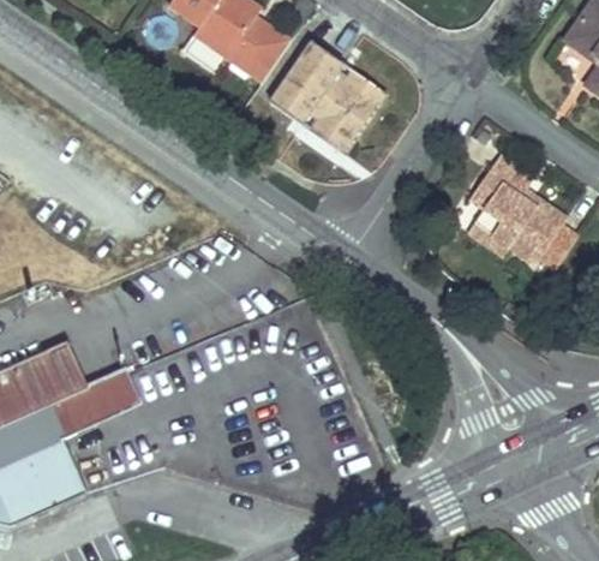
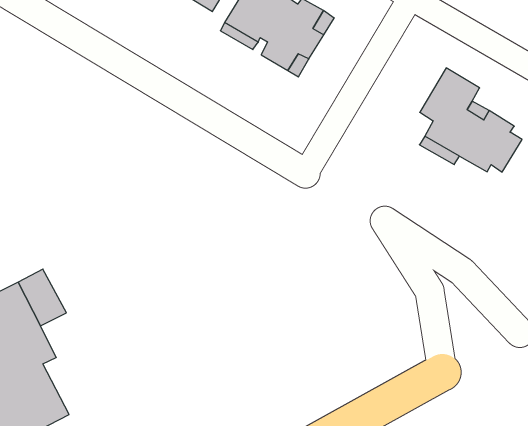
building: [62,368,143,430] -> none

